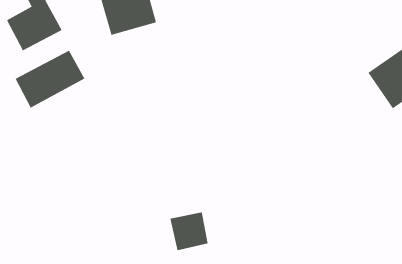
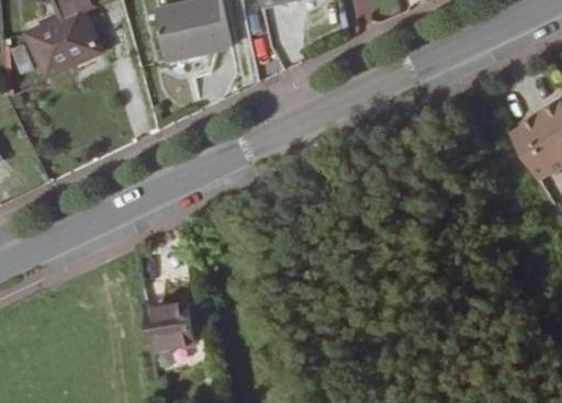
building: [15,50,85,109] -> none
building: [169,212,208,251] -> [145,301,195,351]

